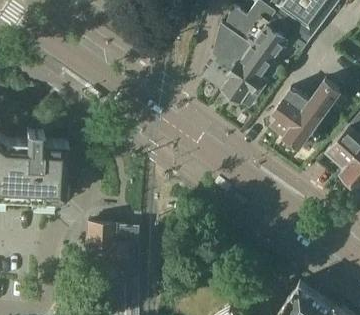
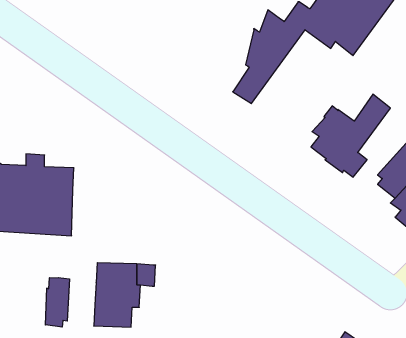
building: [219,26,287,111] -> none
building: none -> [45,278,69,327]

